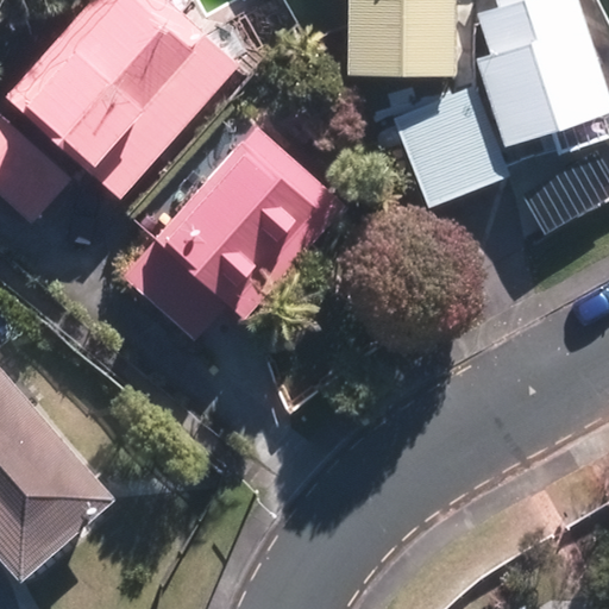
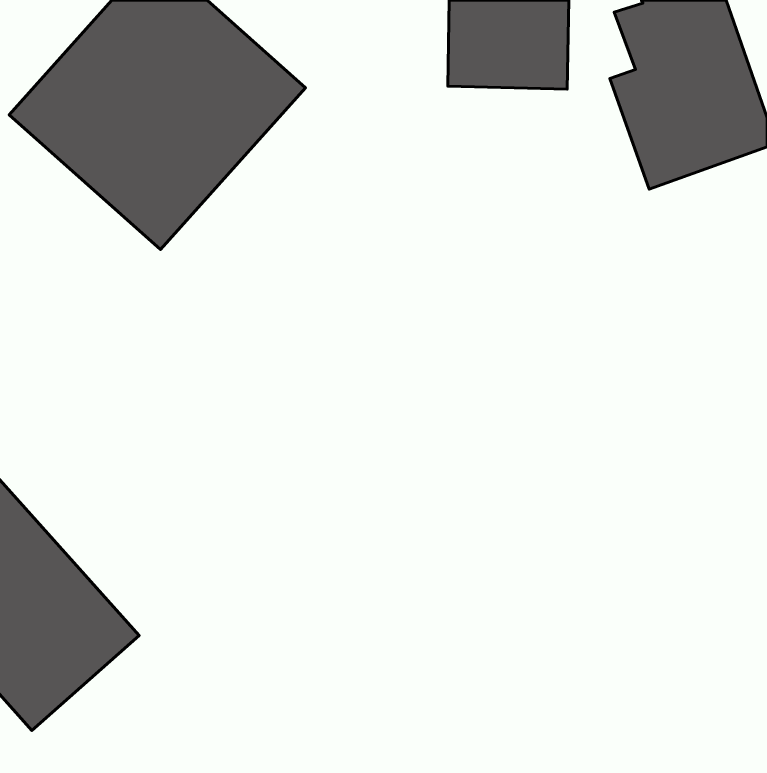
building: [393,92,506,201] -> none
building: [157,140,340,325] -> none

